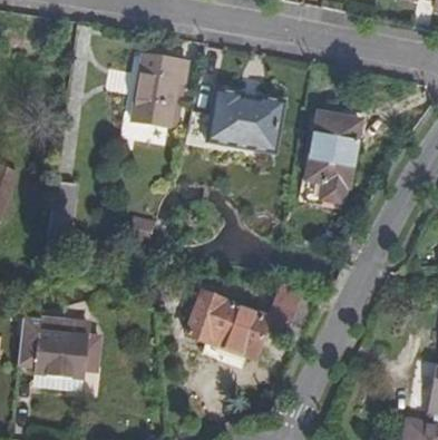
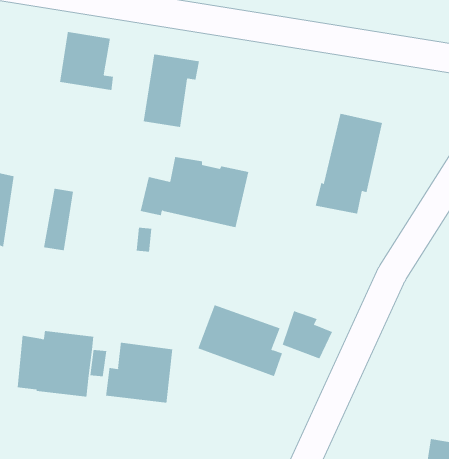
building: none -> [59,31,114,91]
building: [183,88,285,155] -> [140,156,249,228]
building: none -> [106,342,173,403]

